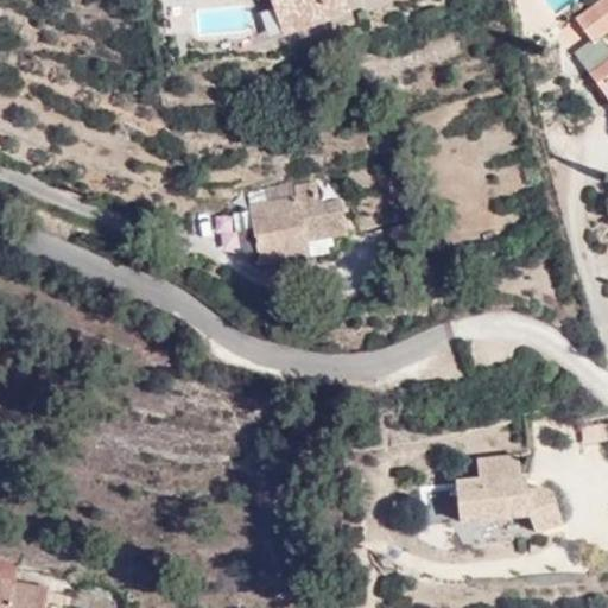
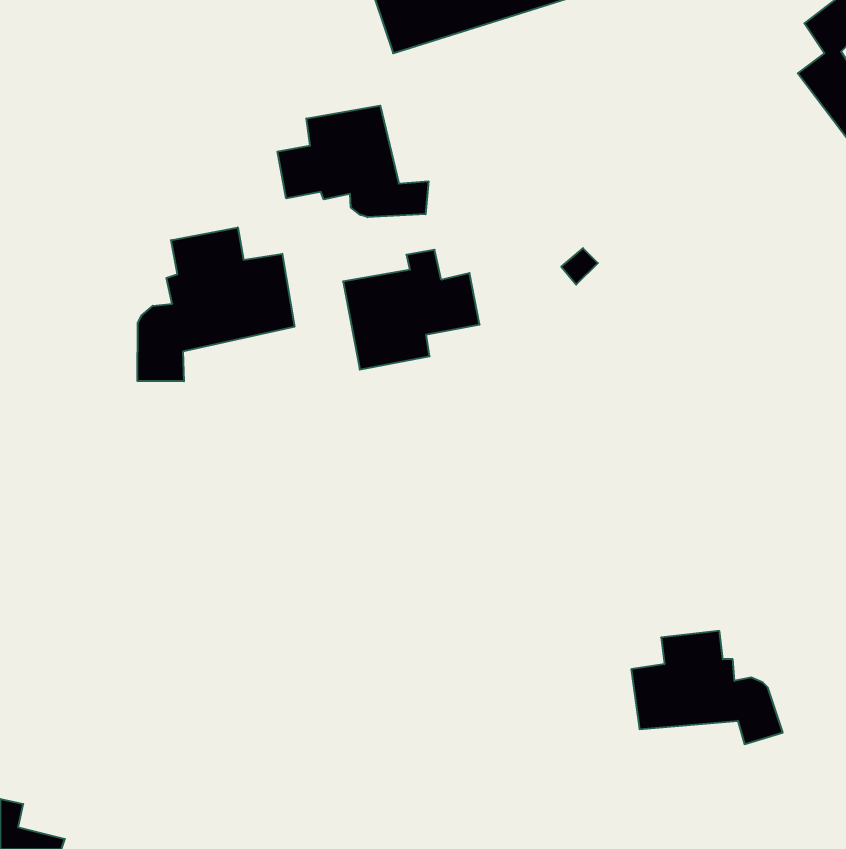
building: none -> [277,106,428,217]
building: none -> [137,227,294,381]

